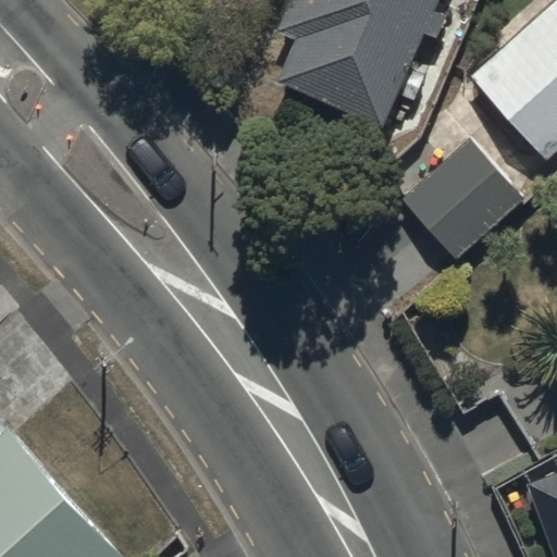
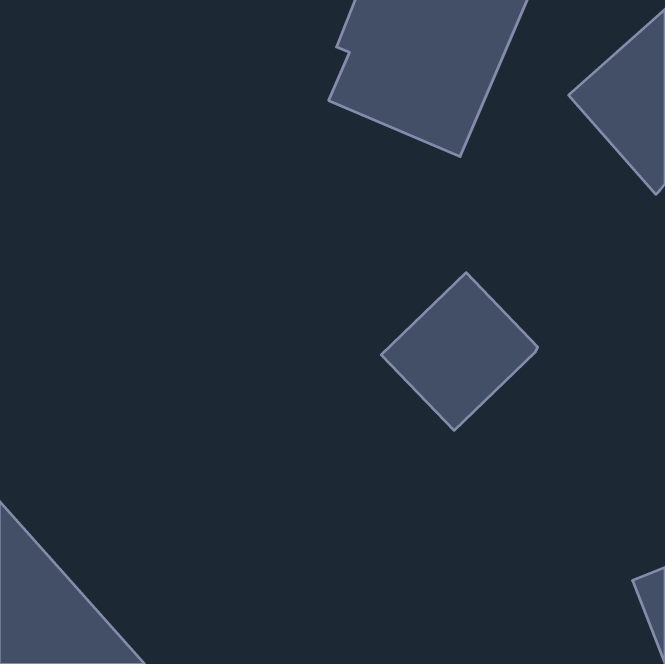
building: [396,133,527,264] -> [381,273,538,430]

